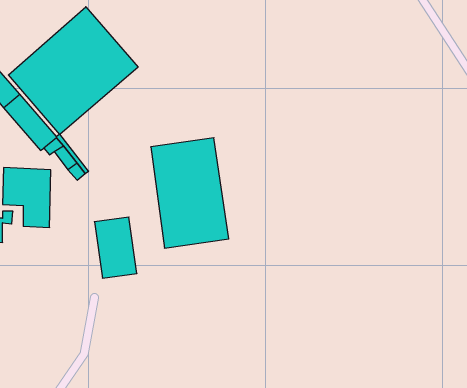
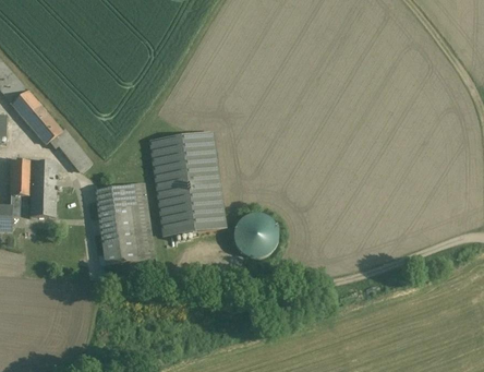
building: [8,7,138,134] -> none
building: none -> [94,182,154,260]
building: none -> [232,213,277,256]

